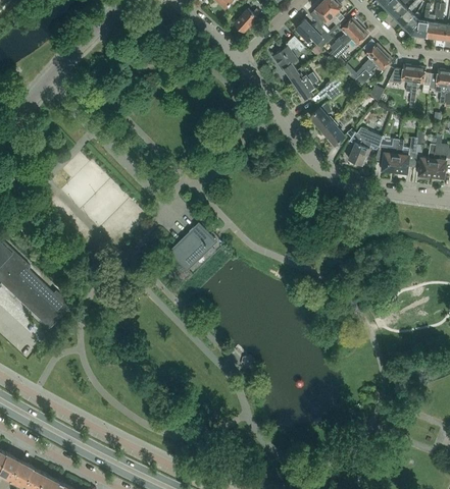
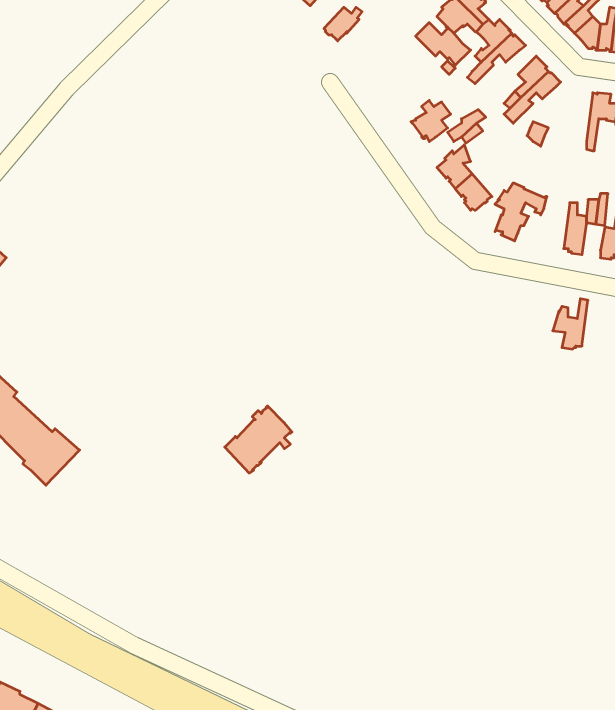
building: [272,36,305,84] -> none
building: [388,64,413,99] -> none
building: [374,139,398,172] -> [553,299,588,349]
building: [169,224,214,269] -> [225,406,292,473]

